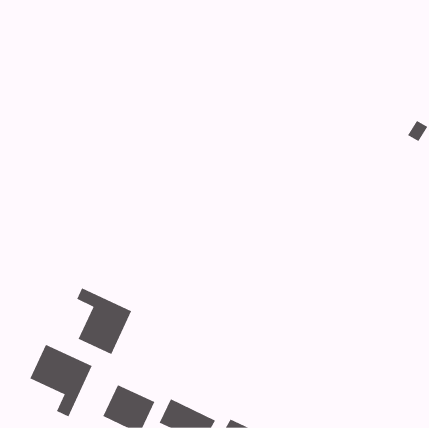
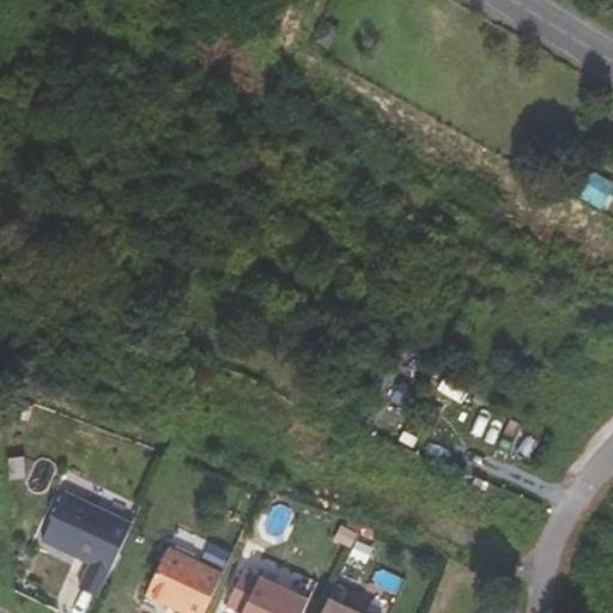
building: [76,287,132,355] -> none

